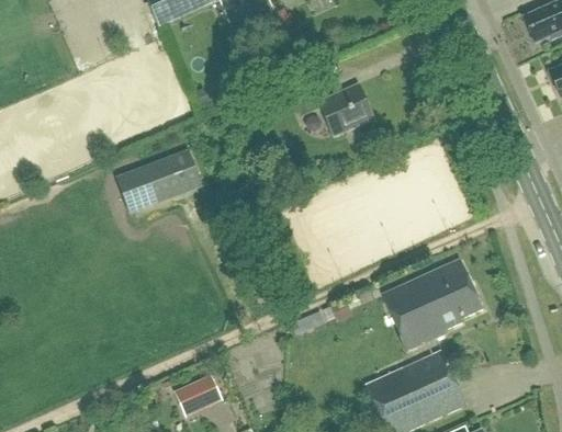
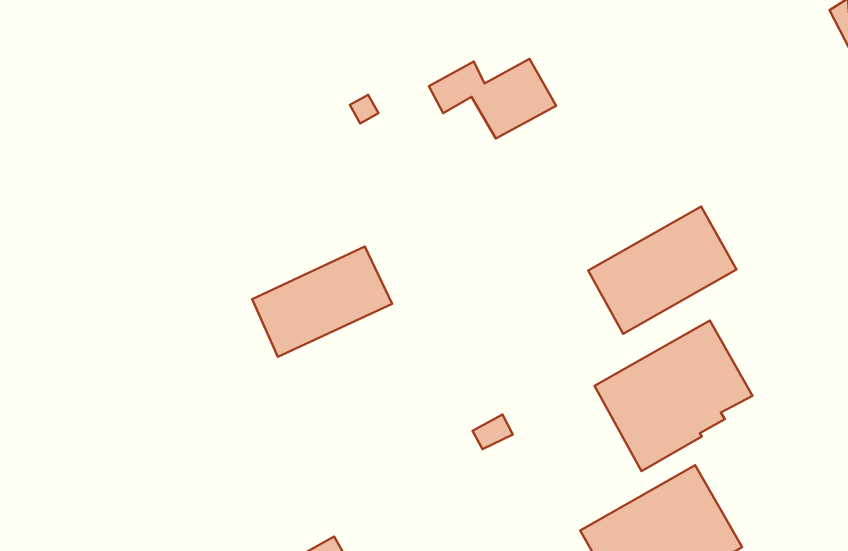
building: [114,149,202,214] -> [252,246,392,357]
building: none -> [588,206,737,334]

